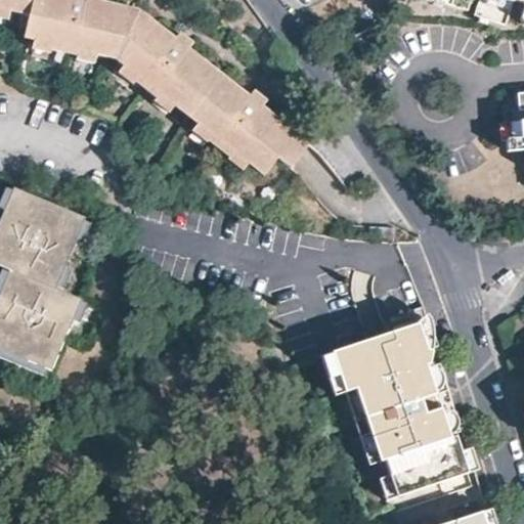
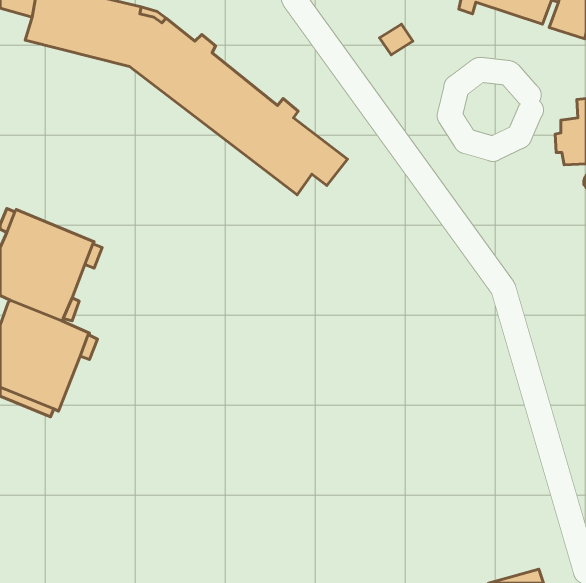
building: [318,315,467,508] -> none

